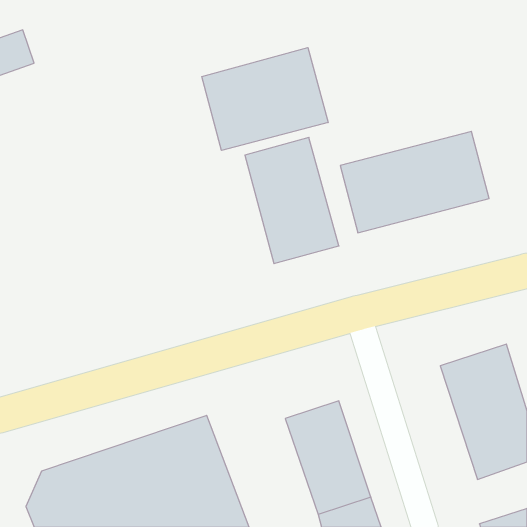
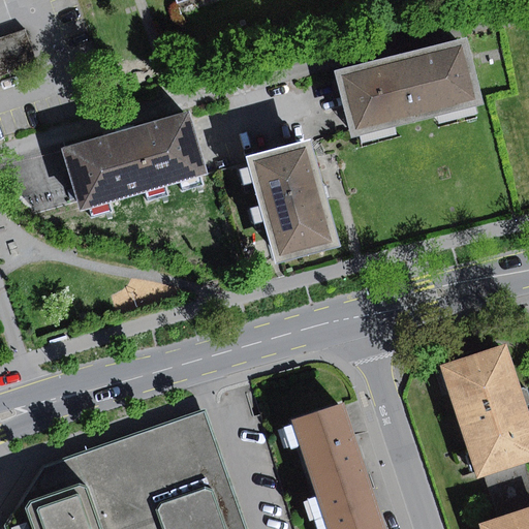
building: [202,48,328,150] -> none
building: none -> [61,112,208,211]
building: [340,131,489,233] -> [335,37,484,138]

